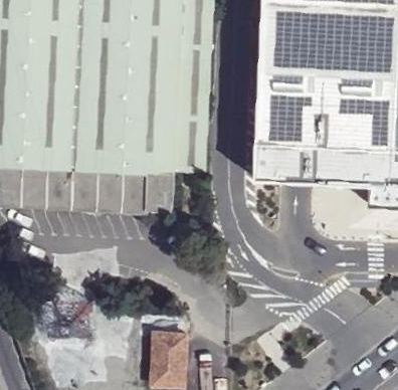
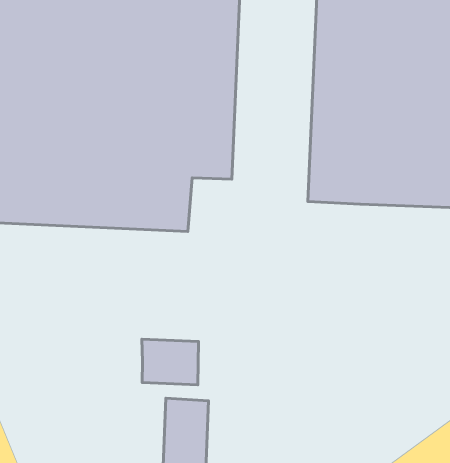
building: none -> [142,339,199,385]

